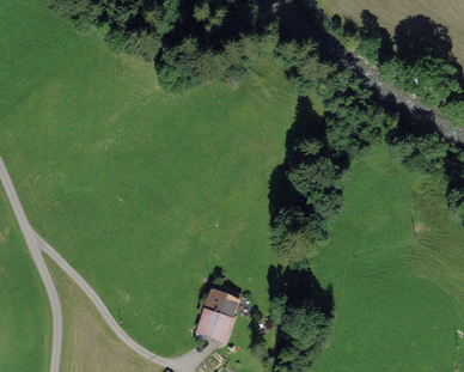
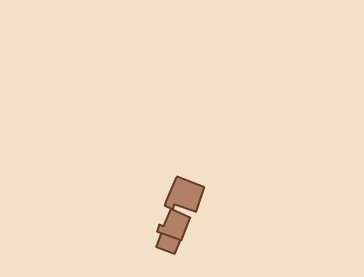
building: none -> [165,176,204,212]

